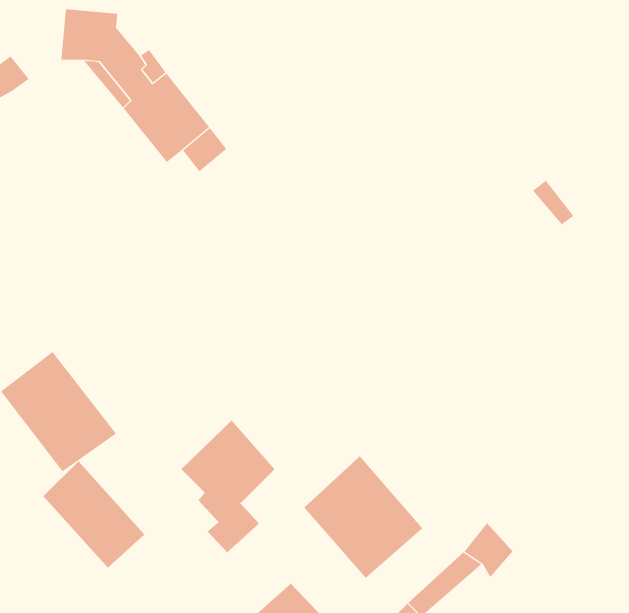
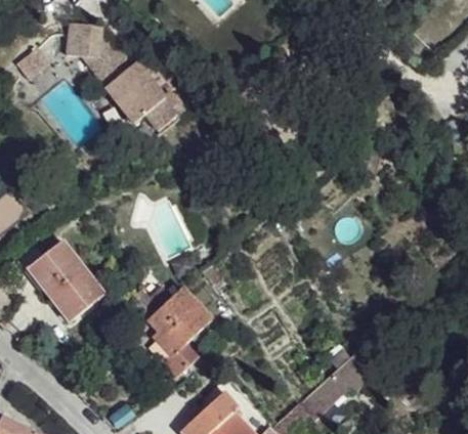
building: [304,456,423,579] -> none
building: [43,461,145,568] -> none

